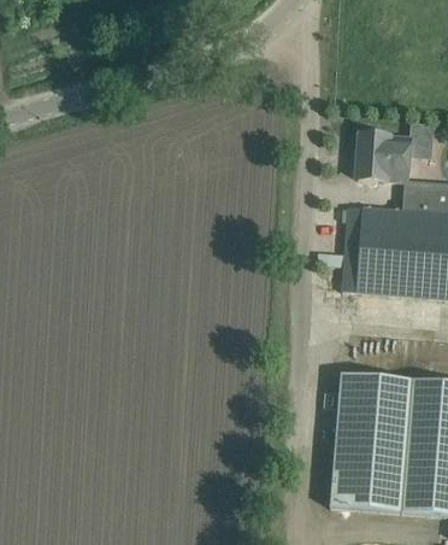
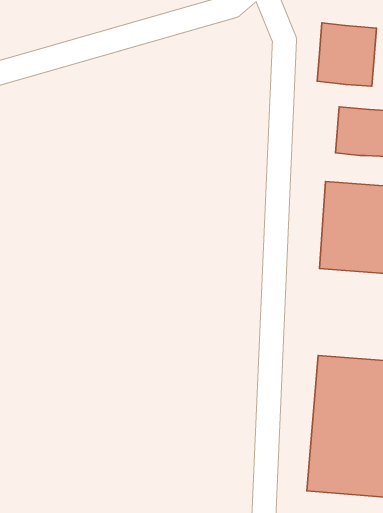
building: none -> [317,23,377,86]

